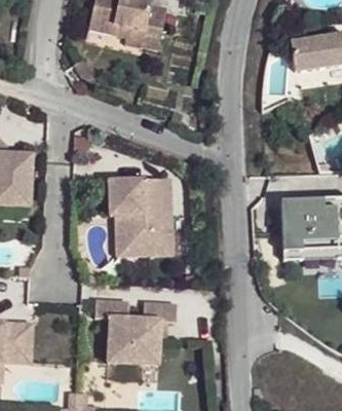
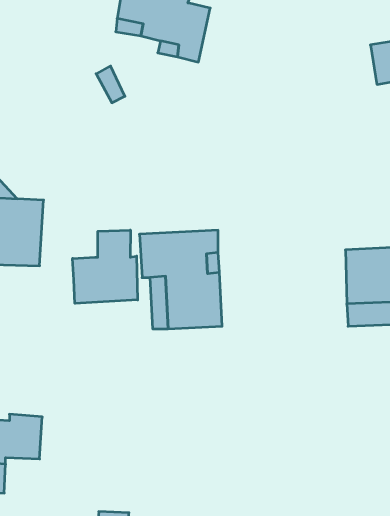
building: none -> [73,230,138,303]
building: [97,305,179,370] -> none

